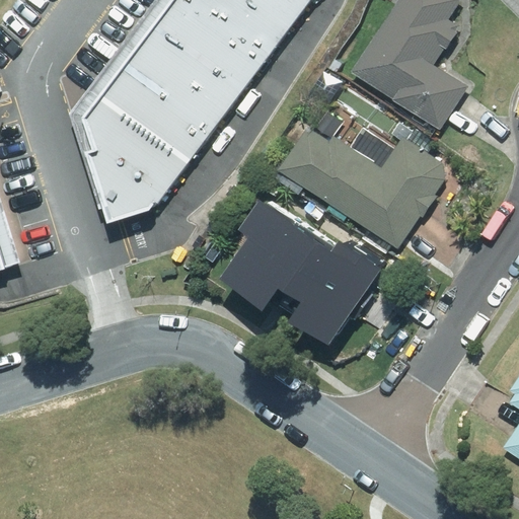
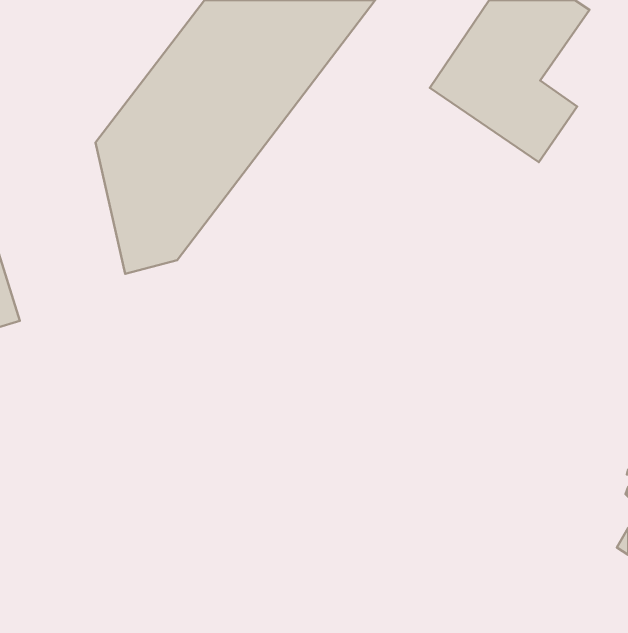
building: [287,108,454,245] -> none
building: [215,198,381,346] -> none

